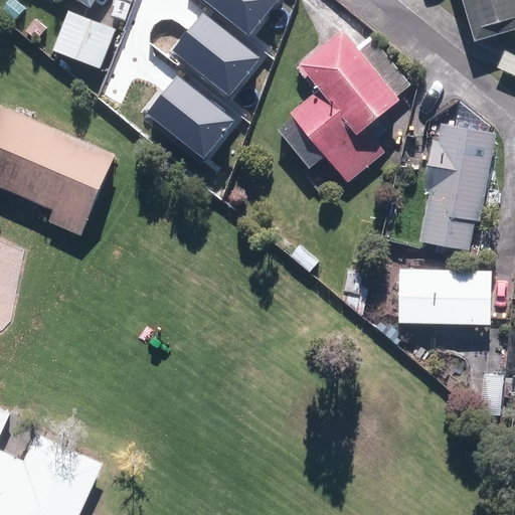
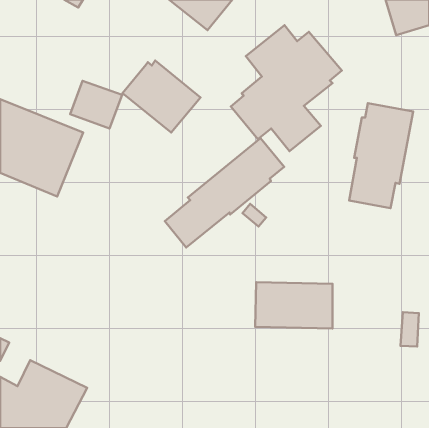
building: [173,10,267,97] -> none
building: [53,12,116,69] -> [70,81,122,129]
building: none -> [165,138,284,248]
building: [397,269,490,324] -> [255,282,332,328]

